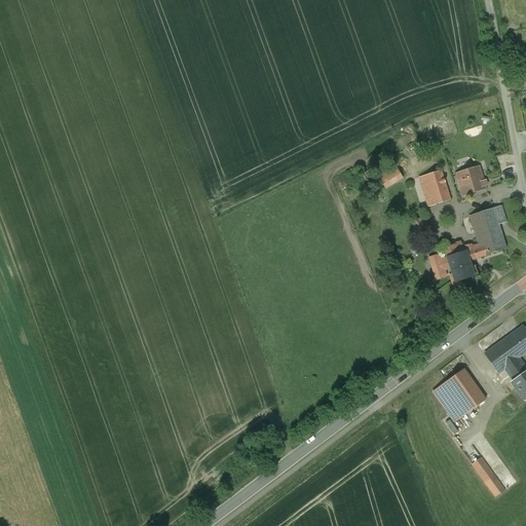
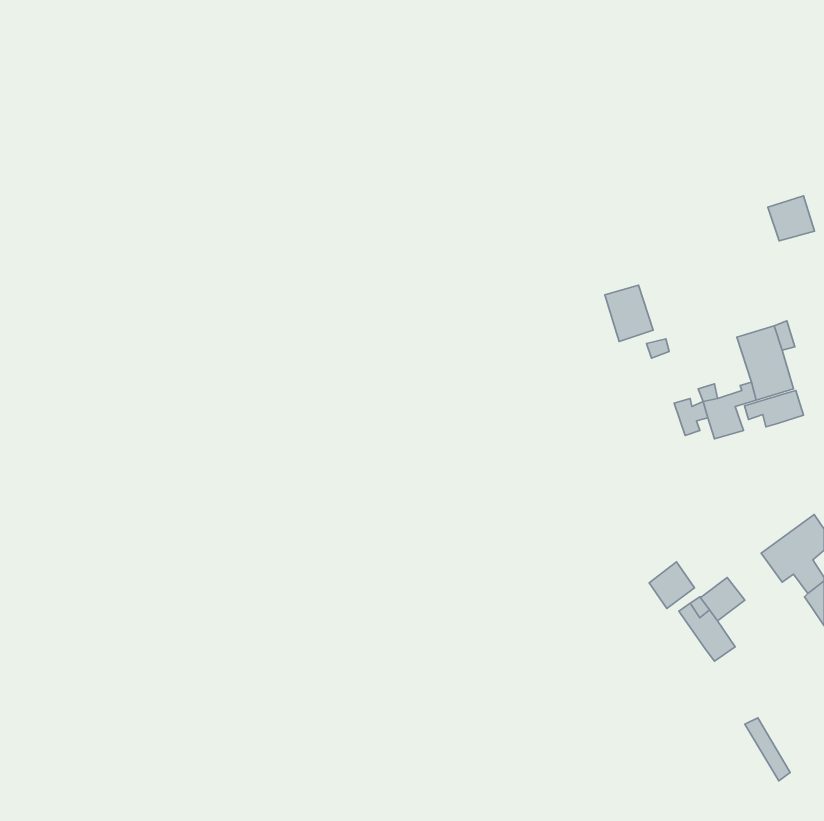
building: [456,165,486,194] -> [768,196,815,241]
building: [419,170,450,205] -> [605,285,653,342]
building: none -> [744,391,803,427]
building: [457,382,486,412] -> [649,562,694,609]

